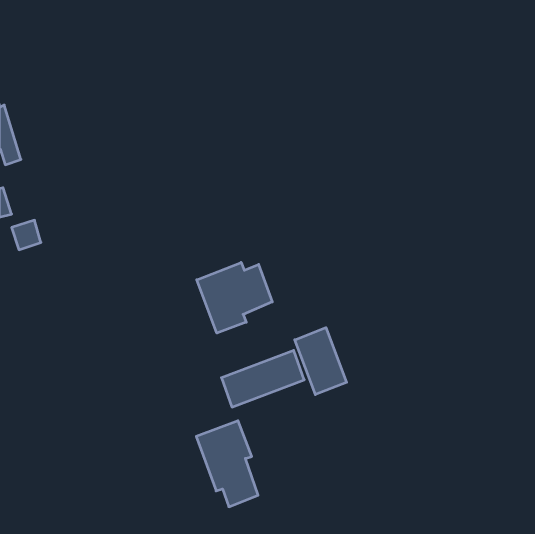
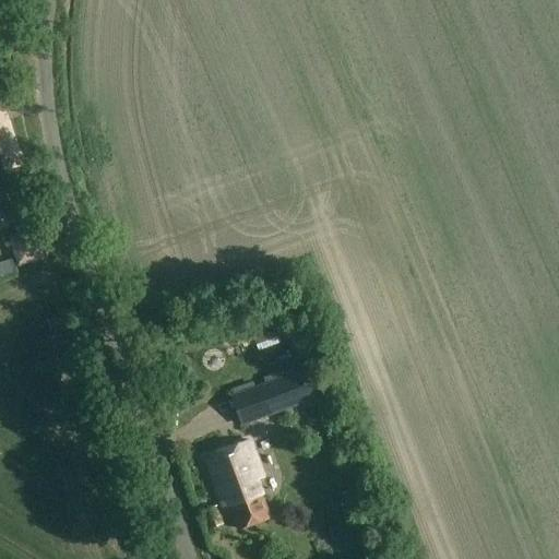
building: [197,262,272,333] -> none
building: [295,328,347,395] -> none

